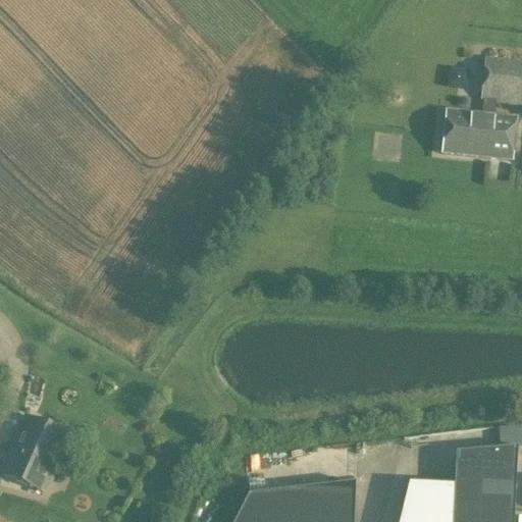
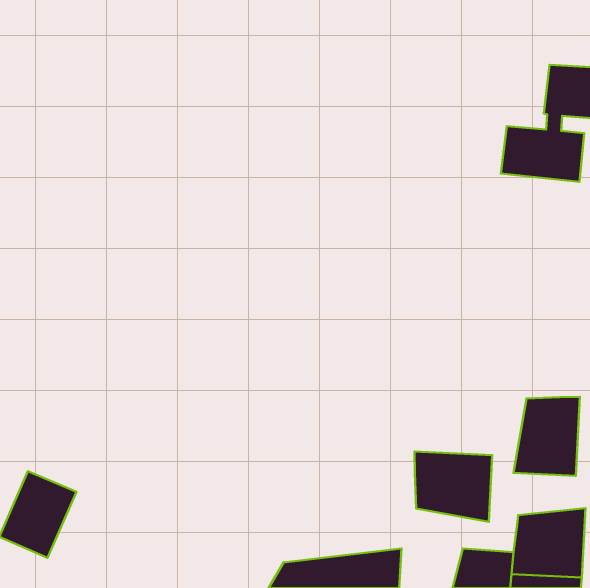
building: none -> [514,397,580,476]
building: none -> [415,452,492,522]

